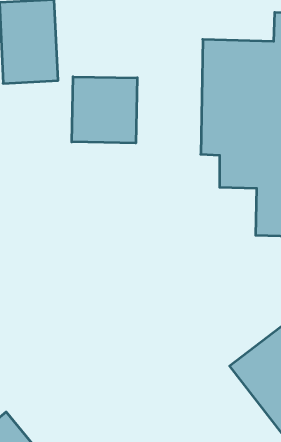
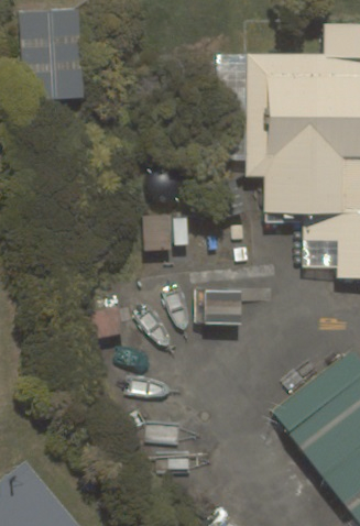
building: [72,77,137,143] -> none

